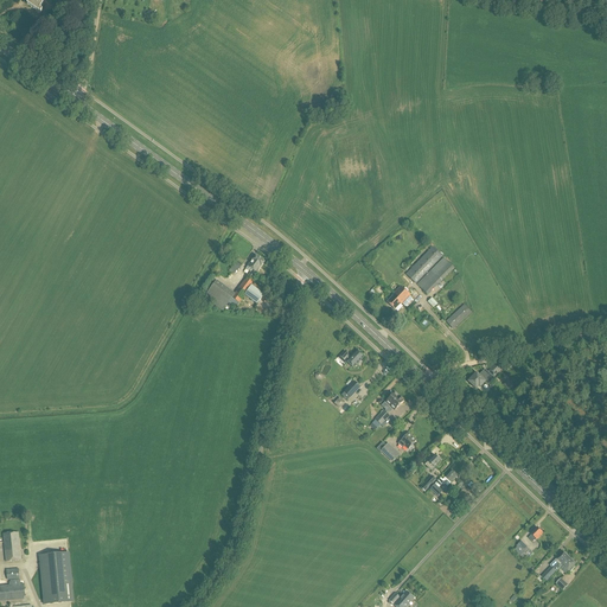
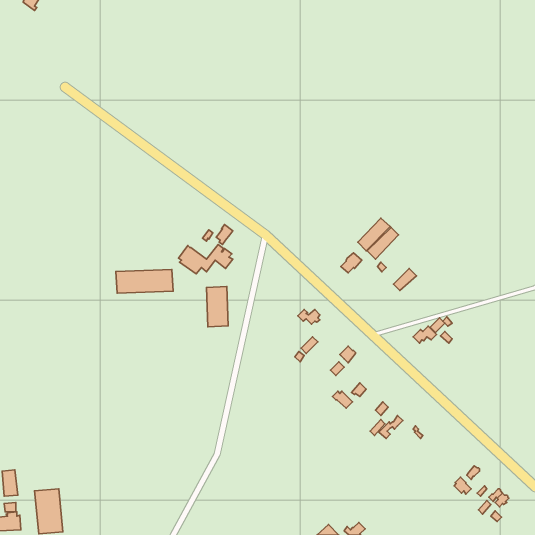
building: none -> [116,270,173,293]
building: none -> [206,286,228,327]

